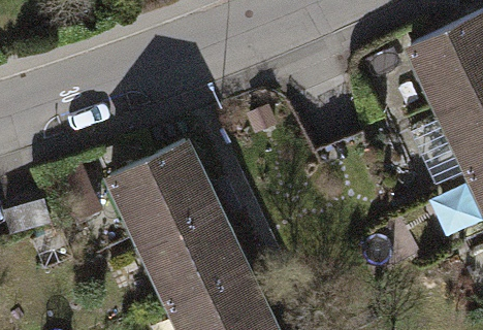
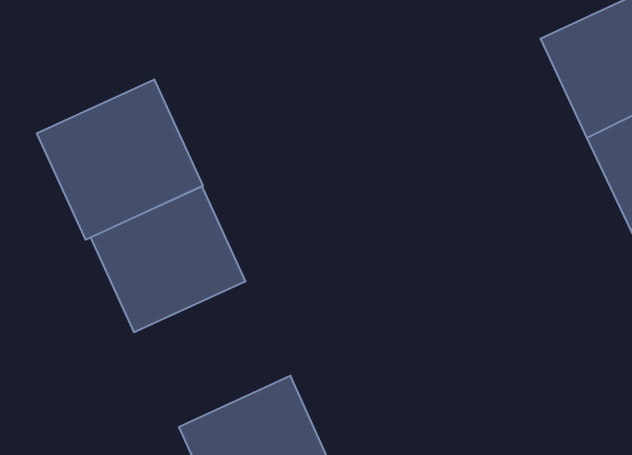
building: none -> [37,79,203,240]
building: [139,204,244,301] -> none

